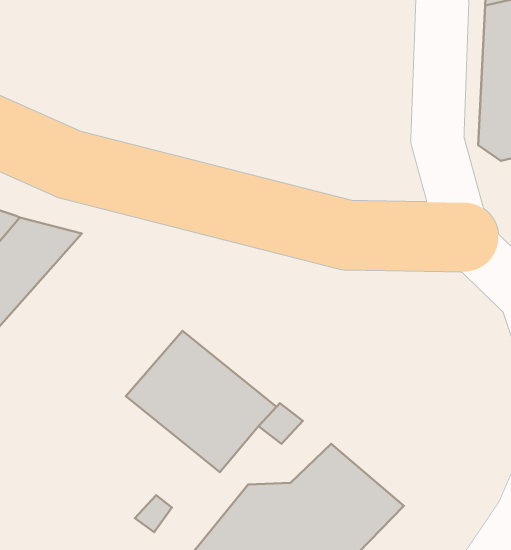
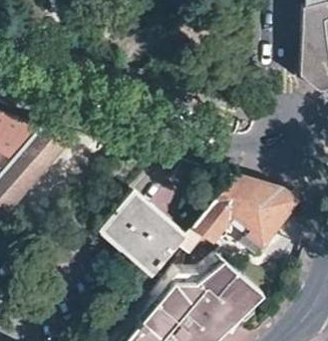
building: none -> [193,179,298,247]

